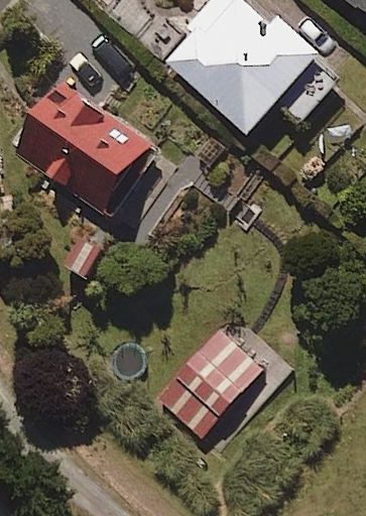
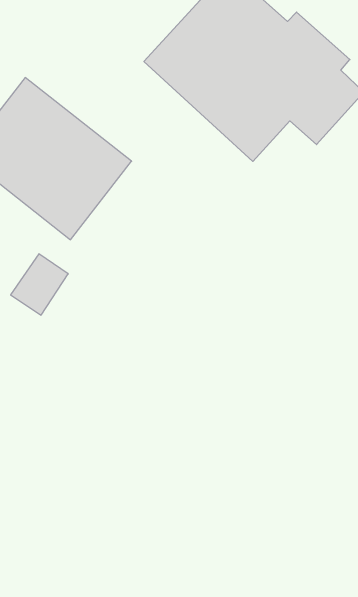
building: [151,327,285,435] -> none

